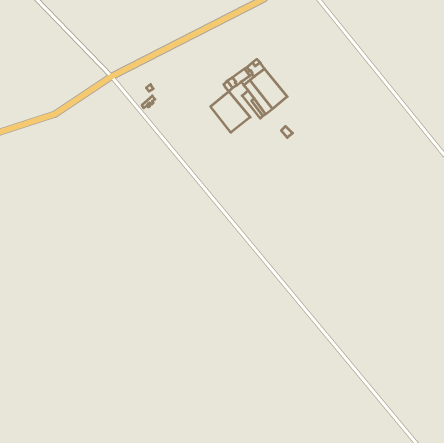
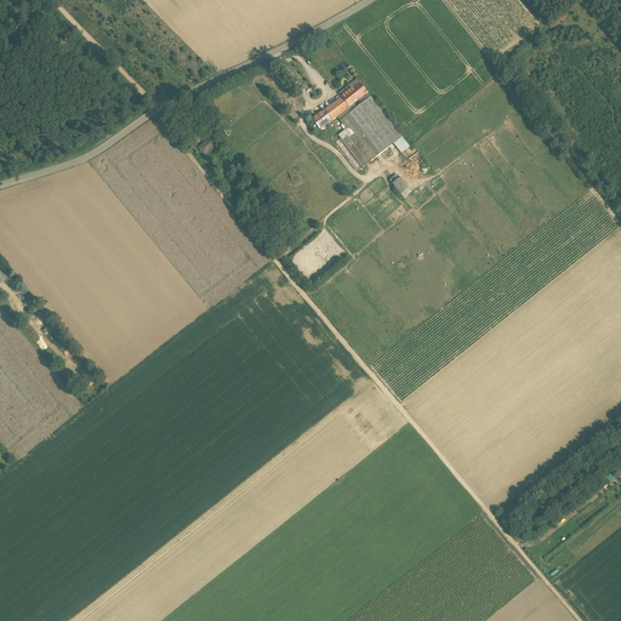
building: [211,91,250,132] -> none

